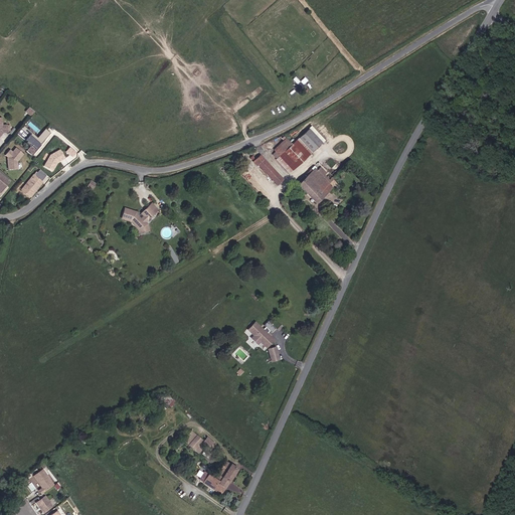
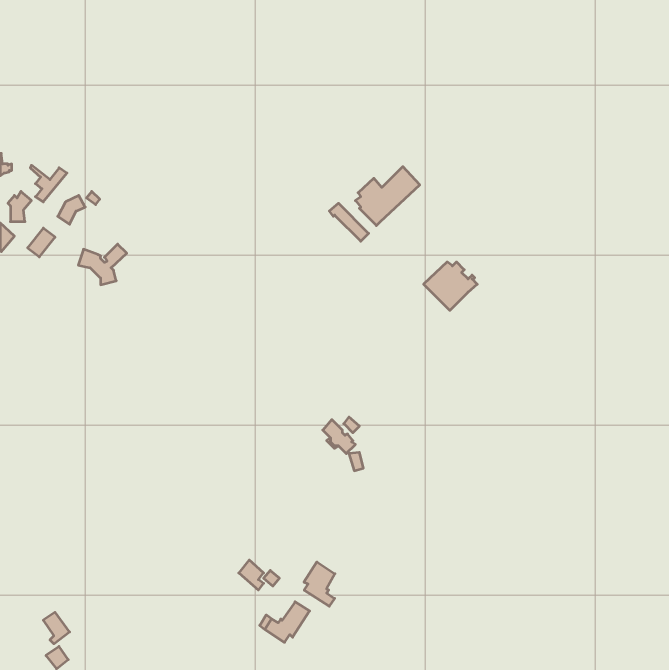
building: [297,166,338,203] -> [424,262,477,310]
building: [122,203,159,234] -> [78,244,127,285]
building: none -> [304,562,335,606]

